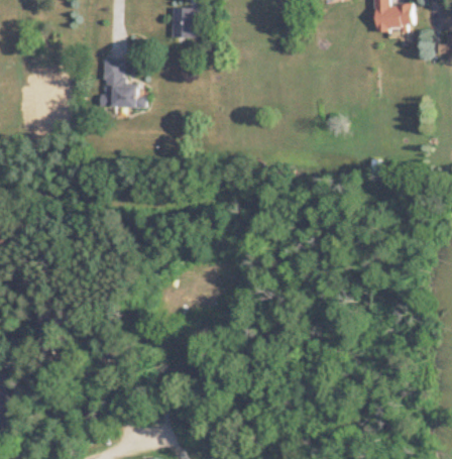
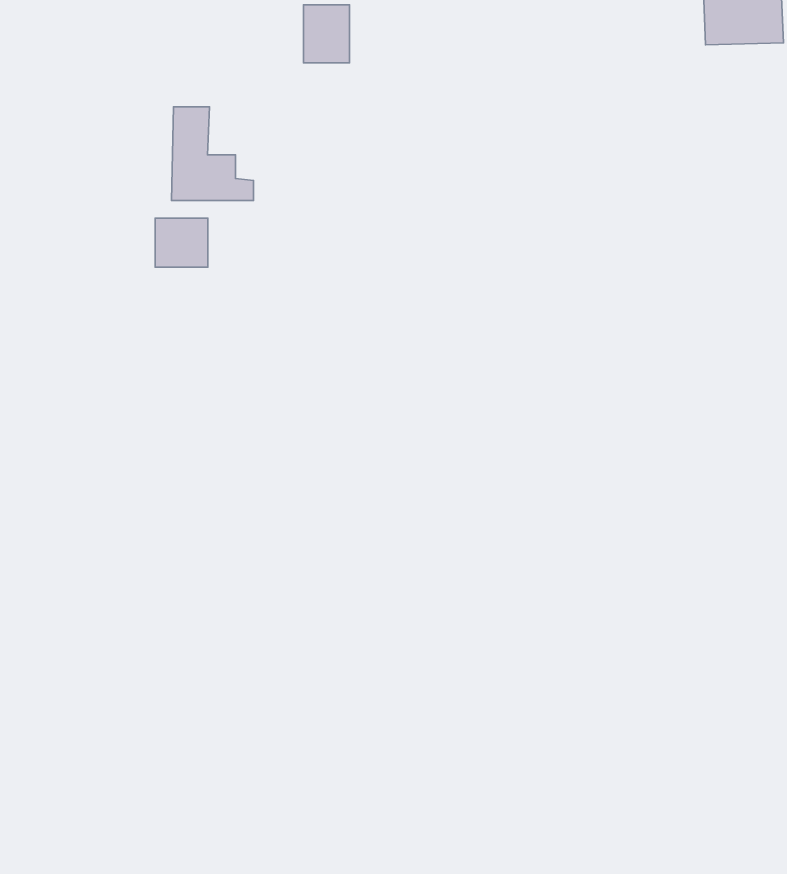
building: none -> [155,218,208,267]

